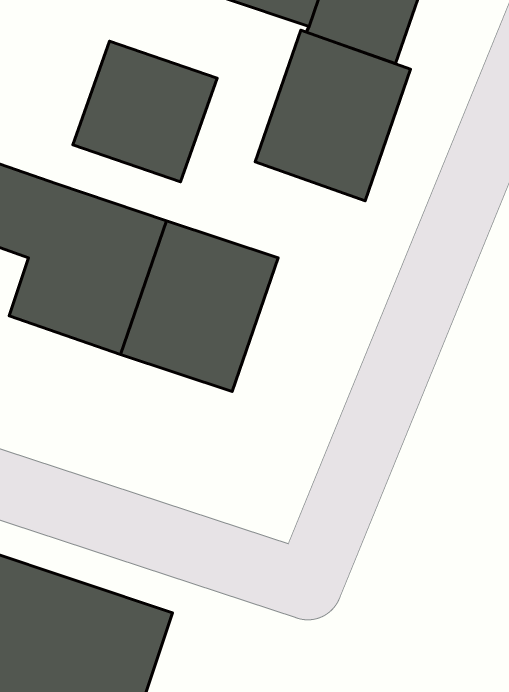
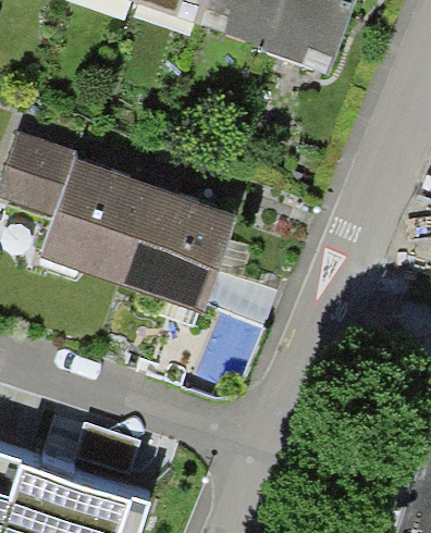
building: [255,30,410,201] -> none
building: [73,41,217,182] -> none

